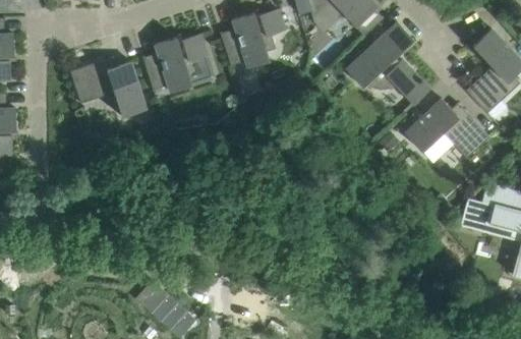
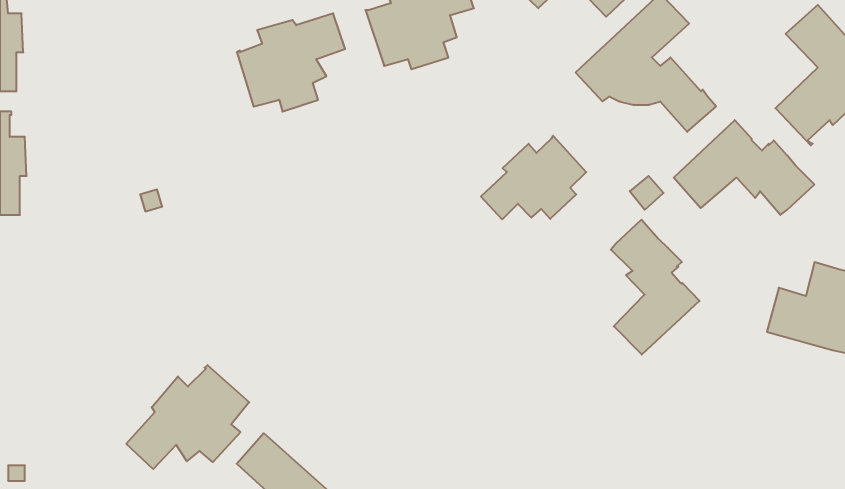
building: [70,60,146,117] -> none
building: none -> [481,136,586,219]
building: none -> [611,220,700,355]
building: none -> [126,365,249,469]

